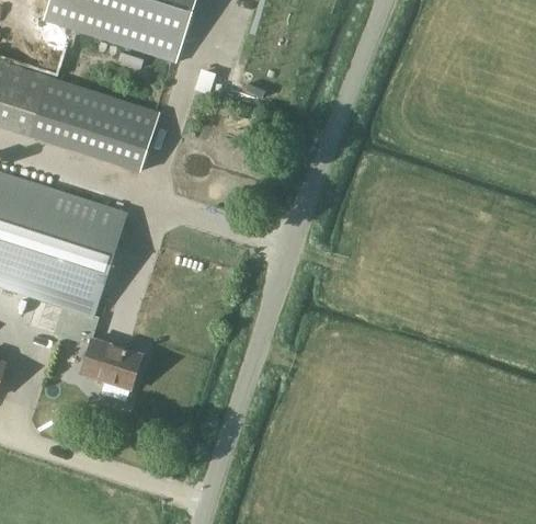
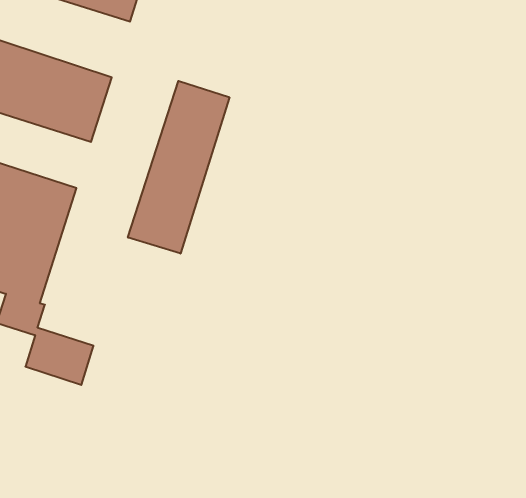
building: none -> [128,81,229,254]

